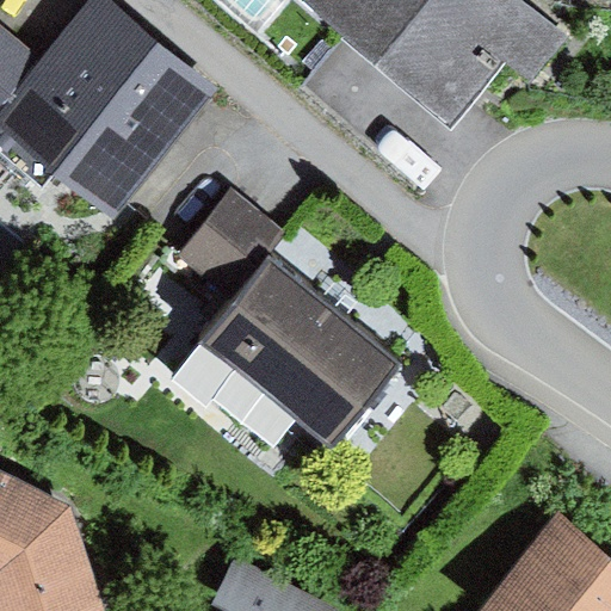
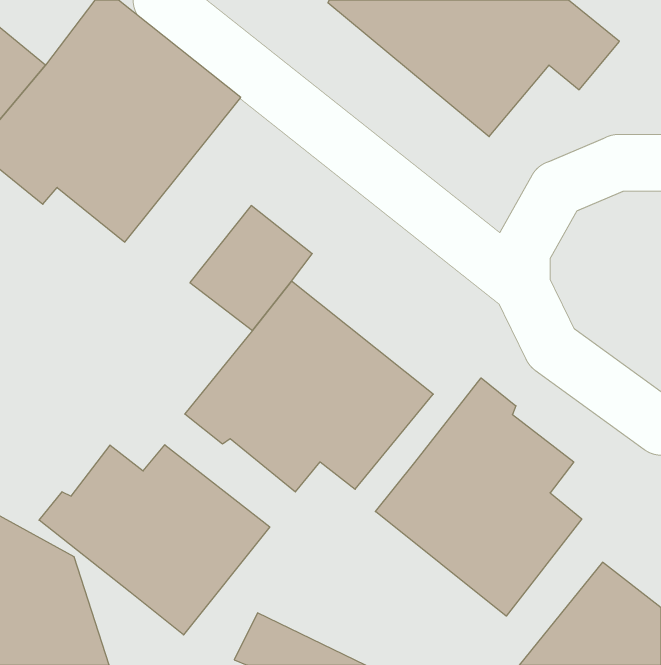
building: none -> [375,378,582,616]
building: none -> [39,445,270,635]

